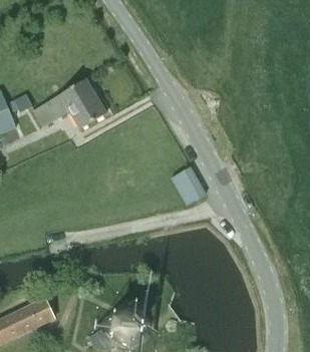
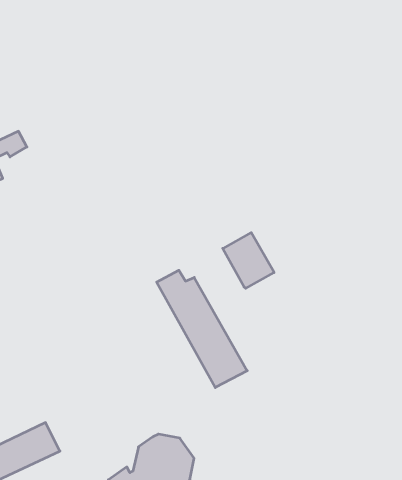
building: [34,79,106,128] -> none
building: none -> [157,270,247,388]

